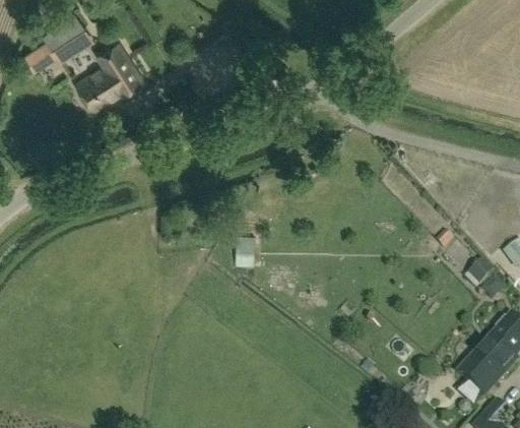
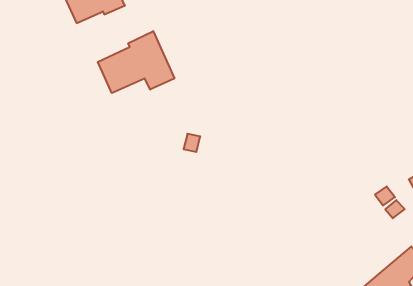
building: none -> [98,31,174,93]

